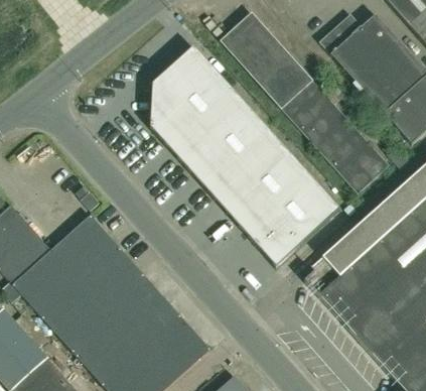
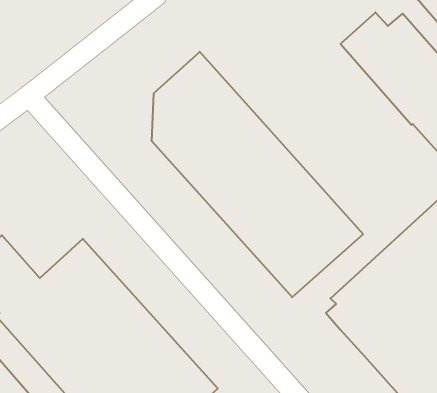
building: [222,12,389,193] -> none

